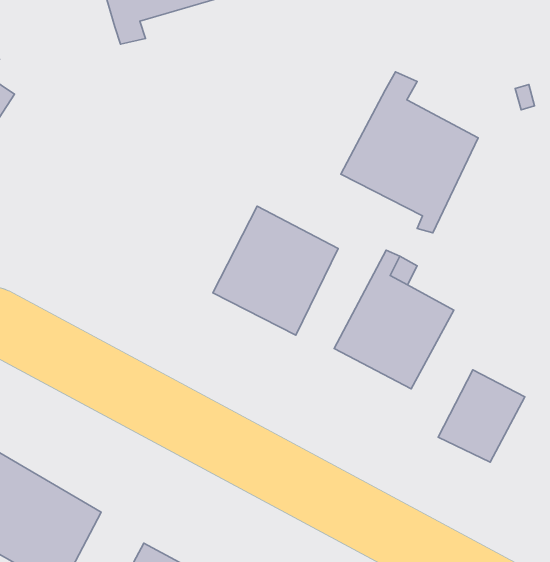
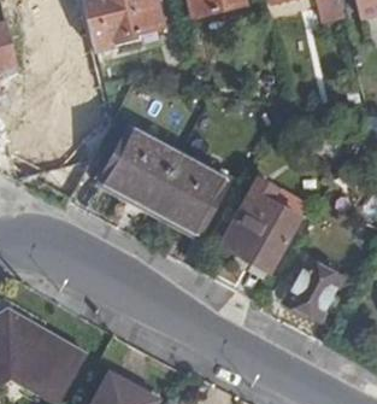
building: [341,72,478,233] -> none
building: none -> [102,133,181,212]

